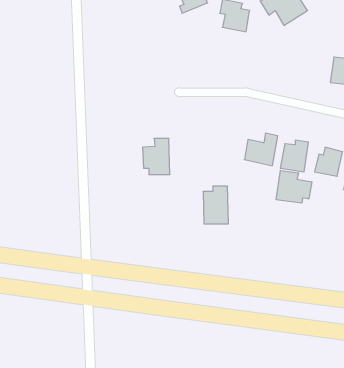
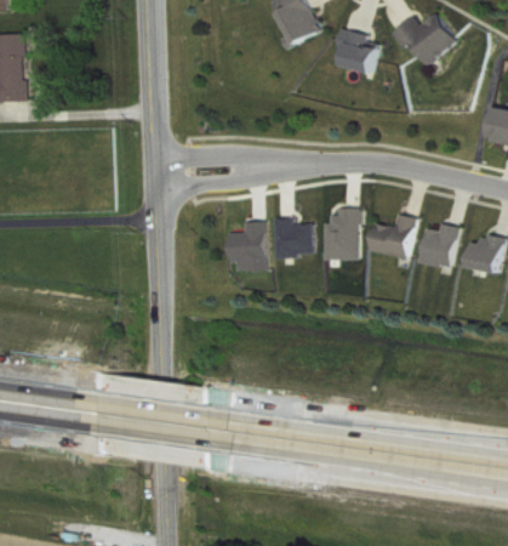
building: none -> [273,217,312,257]
building: [276,170,312,203] -> none
building: [203,186,228,224] -> [324,207,359,260]

